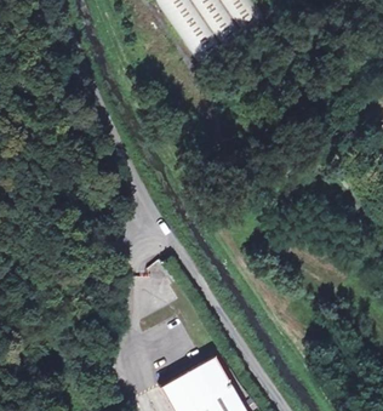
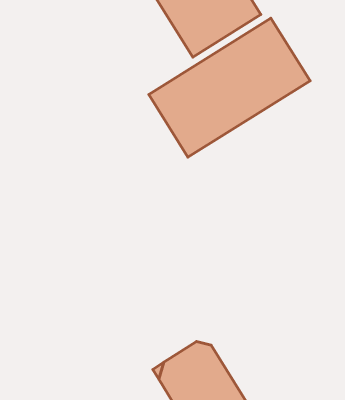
building: none -> [149,18,310,157]

